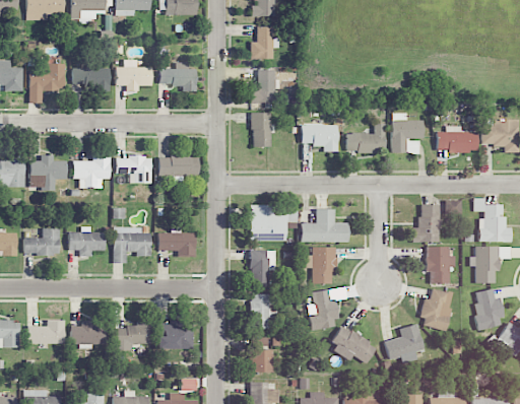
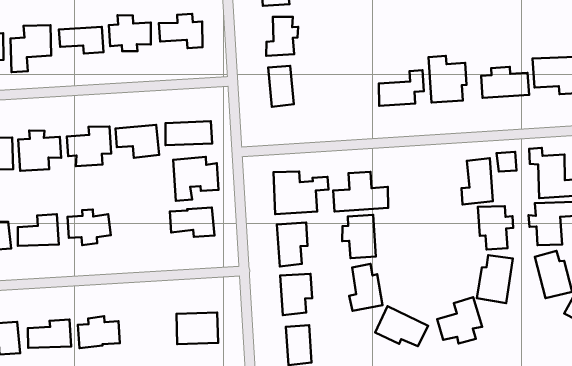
building: [301,125,337,152] -> none
building: [113,226,150,263] -> [173,157,218,201]
building: [116,320,151,350] -> none

